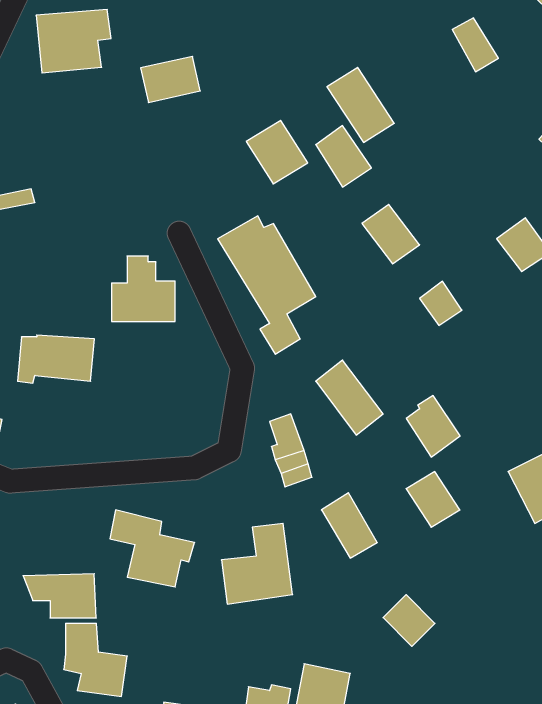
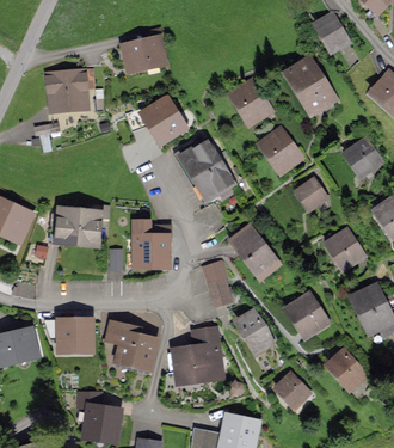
building: [36,10,111,73] -> [48,68,94,108]
building: [327,67,394,142] -> [290,62,332,109]
building: [246,120,308,184] -> [144,100,183,140]
building: [112,256,175,321] -> [127,222,166,263]
building: [406,396,460,457] -> [328,228,362,266]
building: none -> [331,349,364,386]
building: [23,574,96,618] -> [44,321,90,349]

